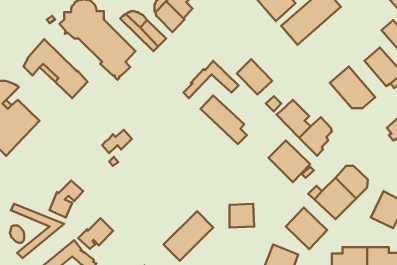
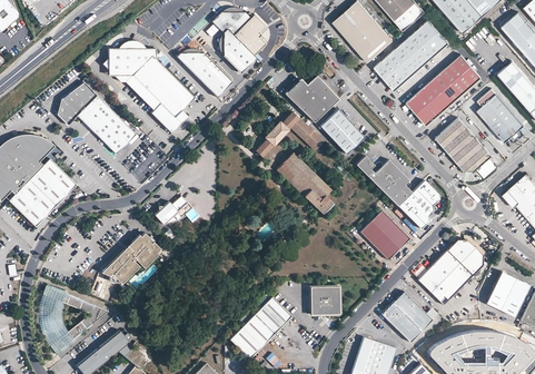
building: none -> [406,53,482,125]
building: none -> [287,78,338,122]
building: [78,218,113,249] -> [117,233,160,270]

